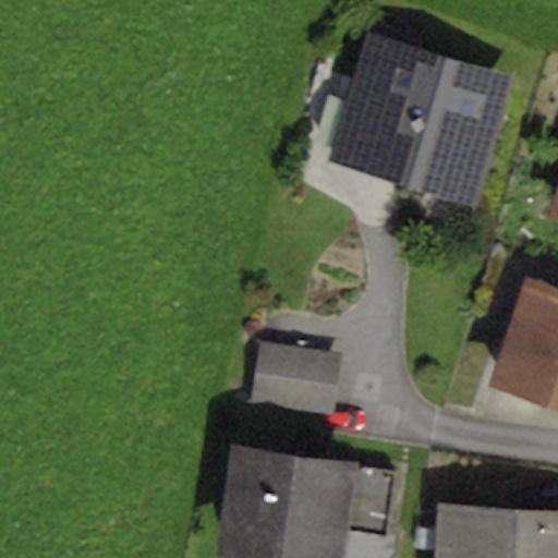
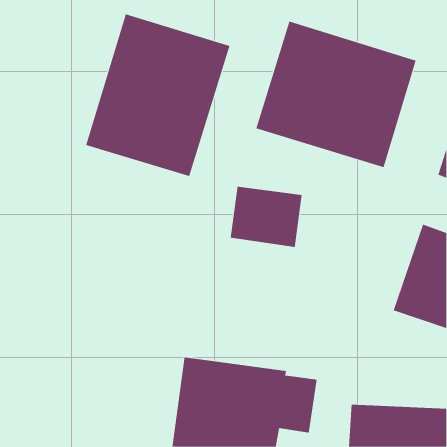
building: none -> [85,13,230,177]
building: [251,342,341,418] -> [230,186,302,247]

